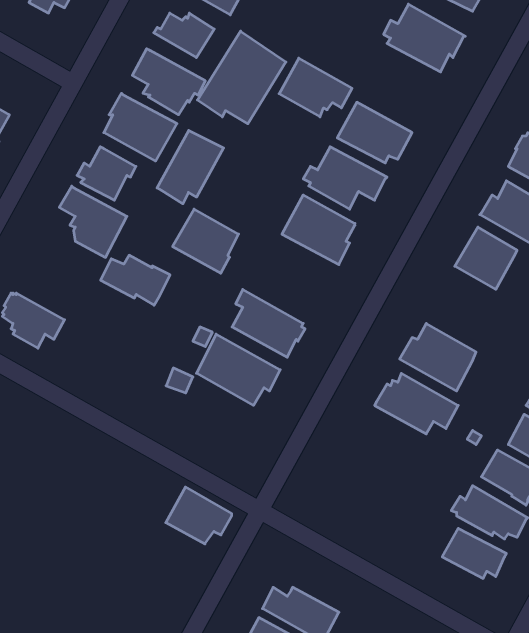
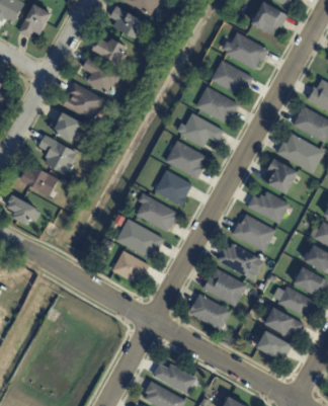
building: [197,31,286,124] -> none
building: [279,58,352,117] -> [211,61,252,94]
building: [157,130,224,204] -> none
building: [173,209,239,273] -> [154,171,191,208]
building: [101,255,170,305] -> [19,167,59,195]
building: none -> [247,190,290,223]
building: none -> [201,268,246,306]
building: none -> [189,293,231,330]
building: [166,487,232,544] -> [111,251,149,283]

